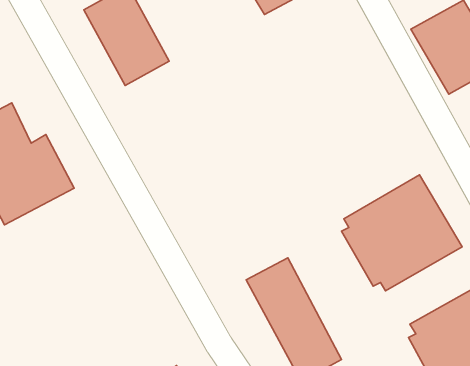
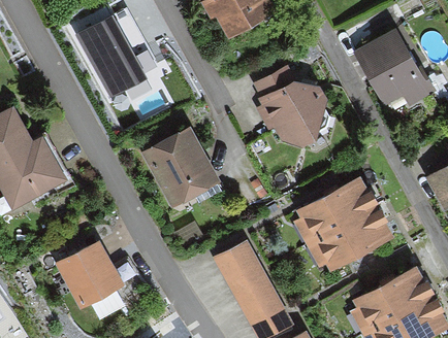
building: none -> [252,60,330,147]
building: none -> [140,121,215,199]
building: none -> [56,239,126,309]

